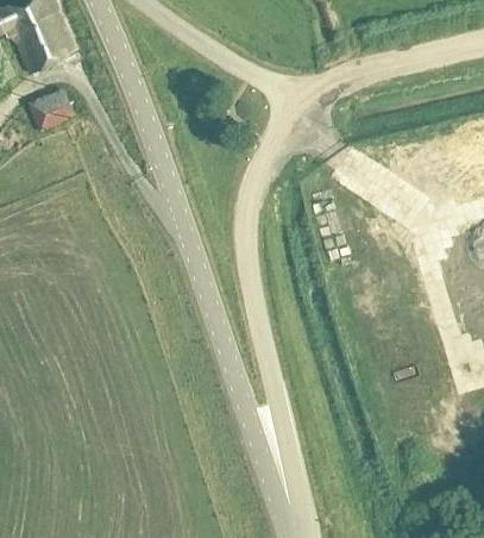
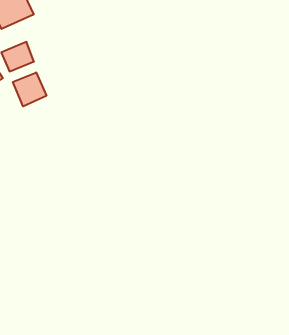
building: none -> [13,72,46,106]

